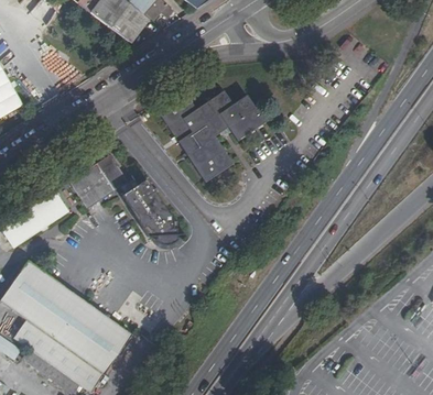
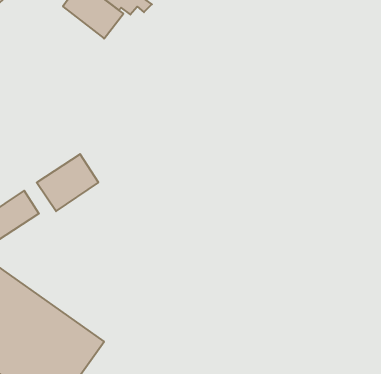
building: [160,90,264,182] -> none
building: [121,178,174,235] -> none

